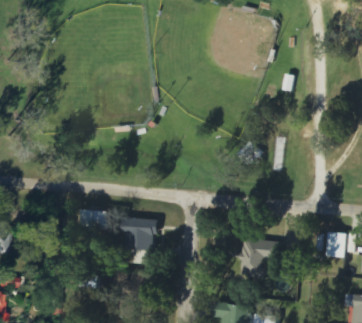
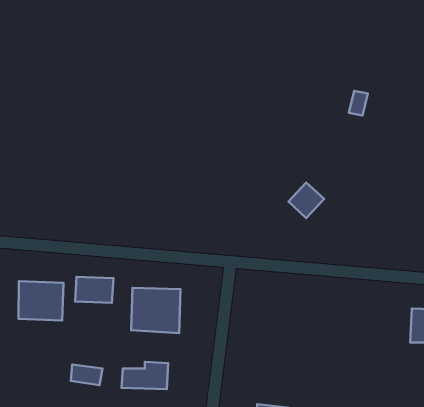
building: none -> [19,281,64,320]
building: [239,238,279,278] -> none

